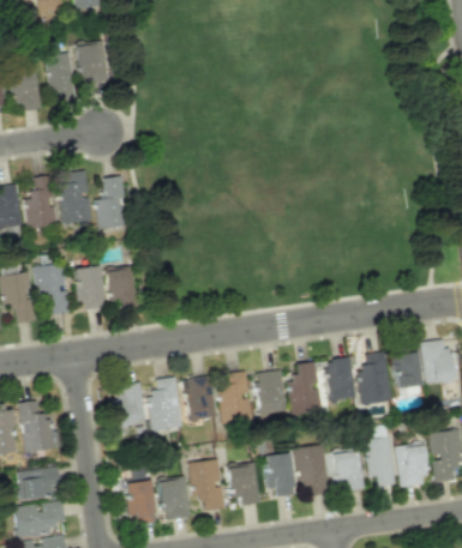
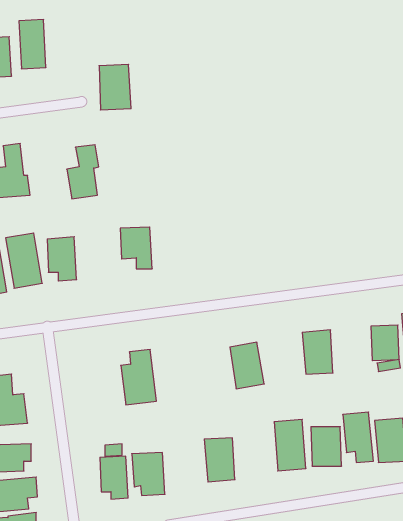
building: [78,43,109,88] -> [99,64,131,110]
building: [58,170,91,223] -> none
building: [106,266,137,307] -> [120,227,152,269]
building: [356,351,390,404] -> none
building: [288,362,320,414] -> none
building: [216,372,251,422] -> none
building: [182,375,216,421] -> none
building: [115,384,144,426] -> none
building: [264,453,293,496] -> none
building: [188,459,224,511] -> none

